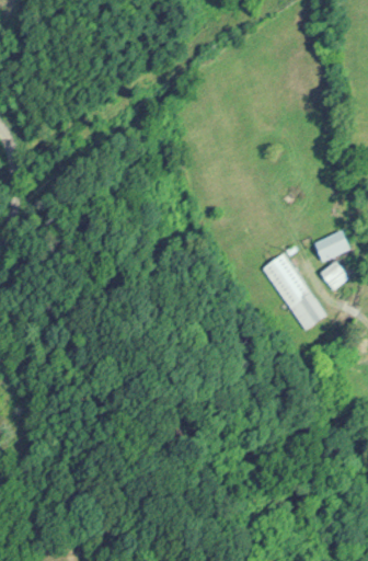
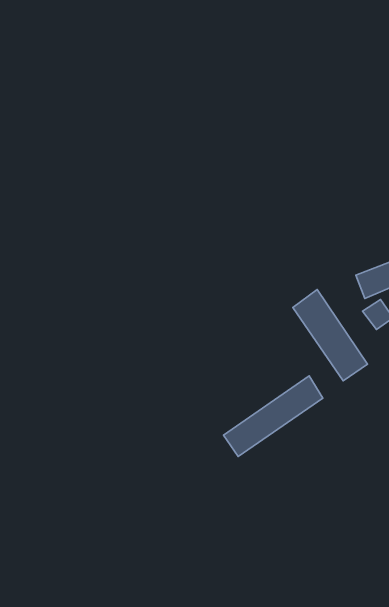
building: none -> [224,376,323,456]

